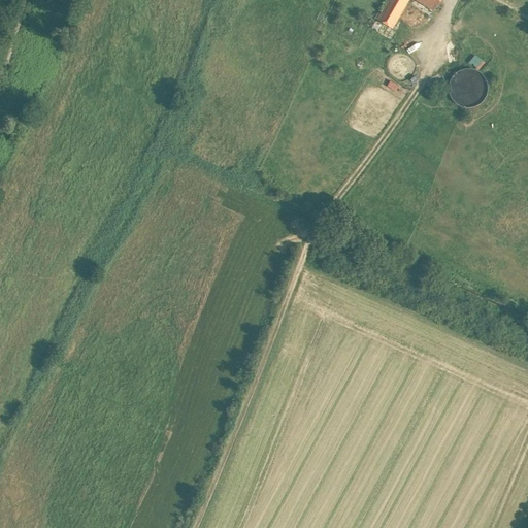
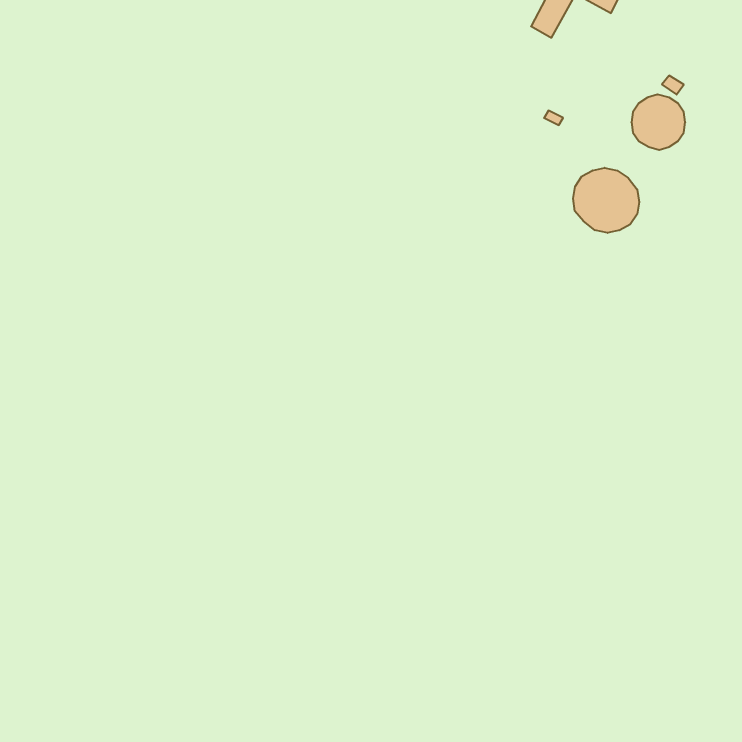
building: none -> [573,168,639,233]

